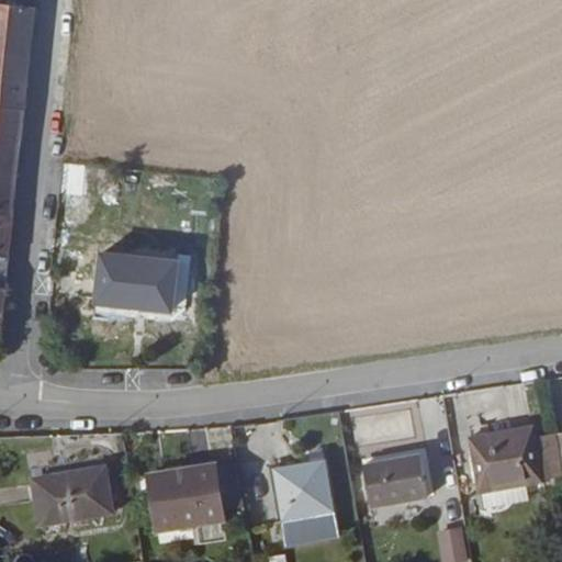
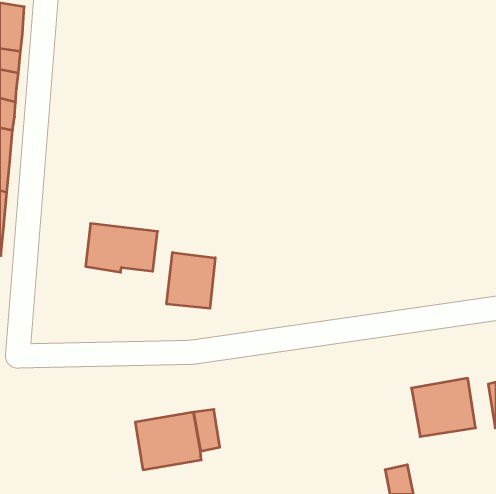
building: none -> [167,252,215,308]
building: [362,457,426,508] -> none
building: [271,459,338,542] -> none
building: [37,468,117,525] -> none

